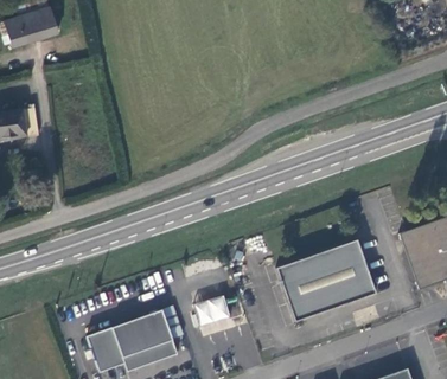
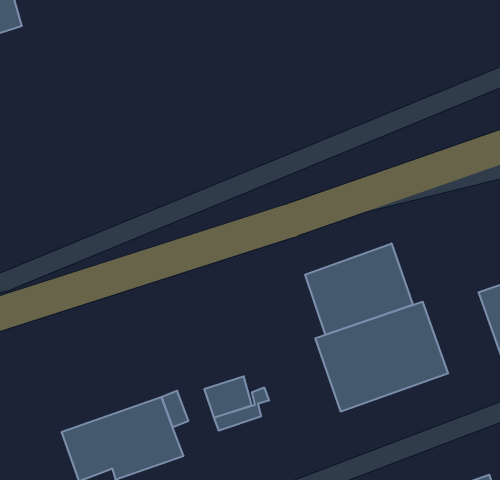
building: none -> [305,243,413,335]

